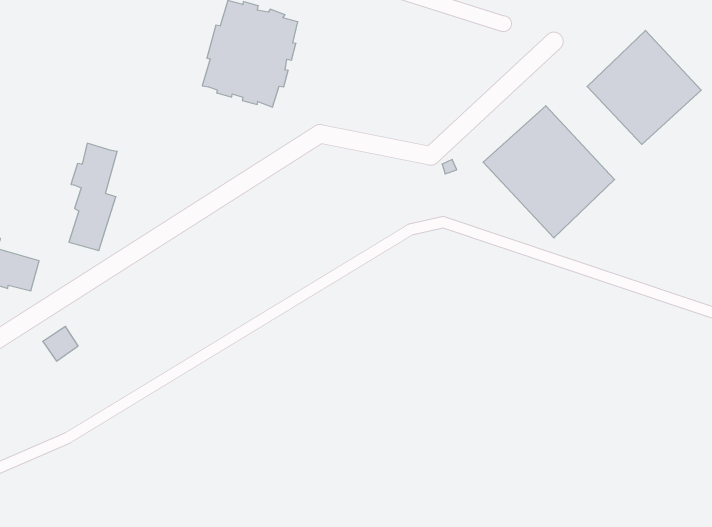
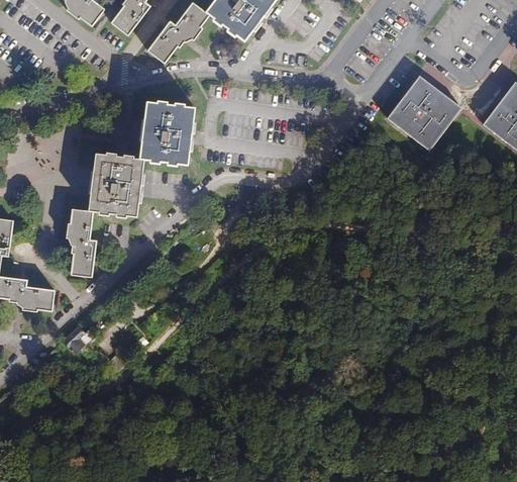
building: none -> [88,152,144,217]
building: [483,106,615,238] -> none

